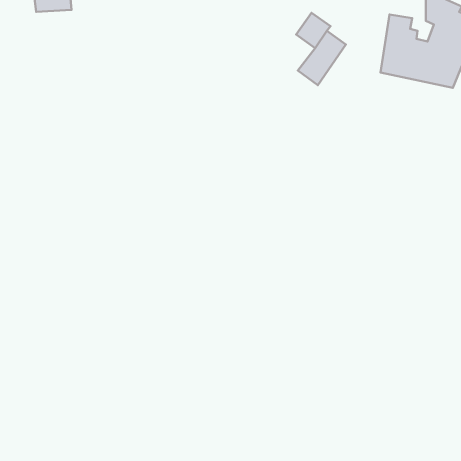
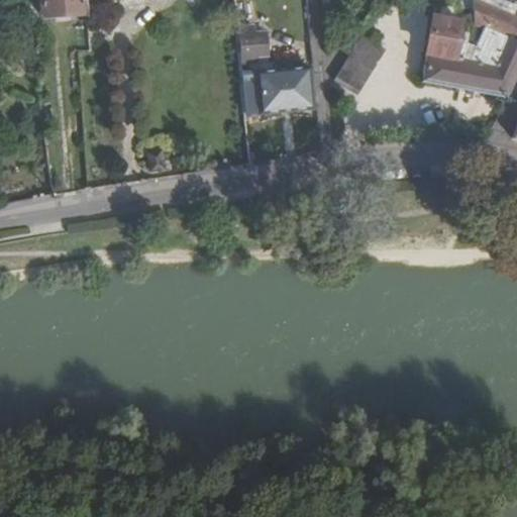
building: none -> [240,22,270,65]
building: none -> [234,67,304,114]

